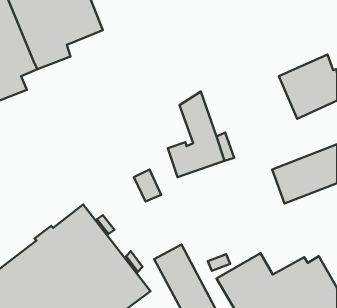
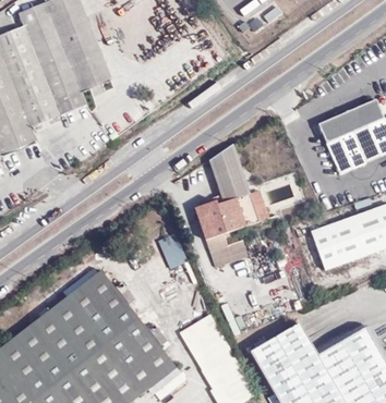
building: none -> [207,236,248,268]

